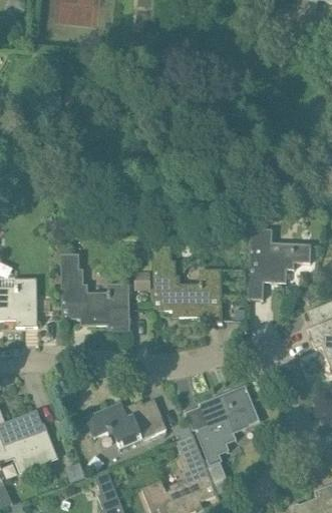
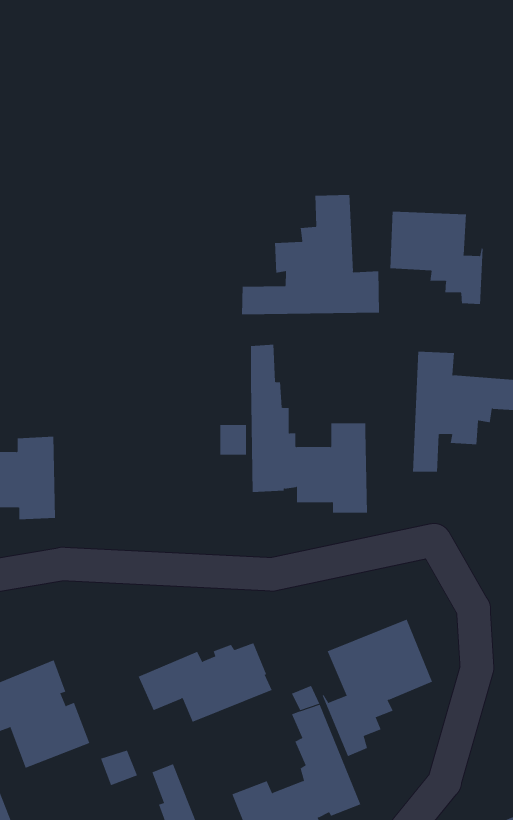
building: none -> [241,194,380,315]
building: none -> [390,211,483,305]
building: [60,253,129,332] -> none

